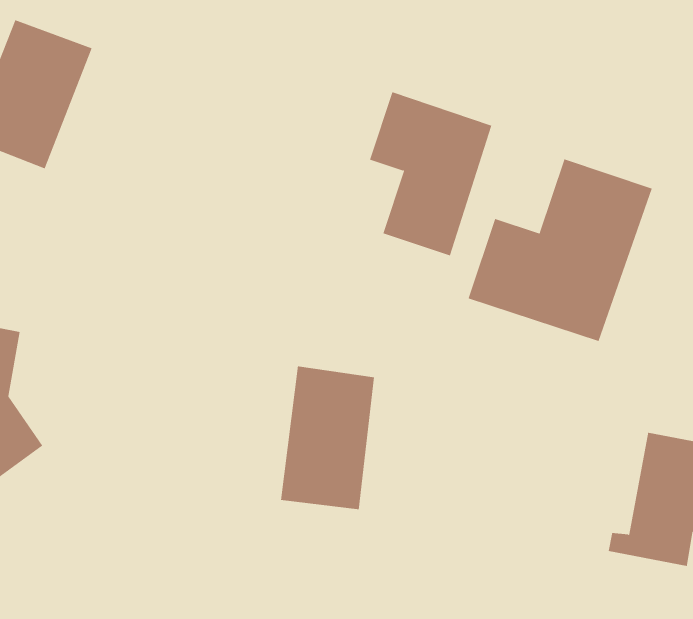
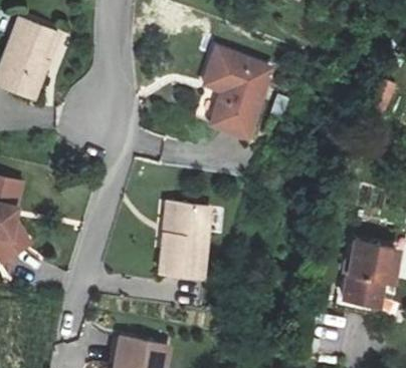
building: [468,159,653,342] -> none

